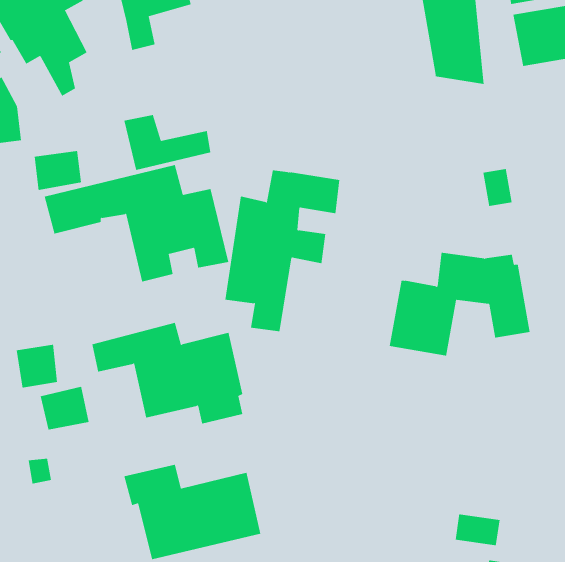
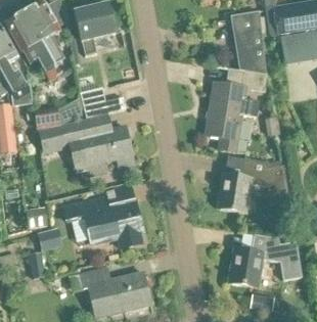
building: [224,170,340,332] -> [207,67,266,150]
building: none -> [228,233,302,286]

